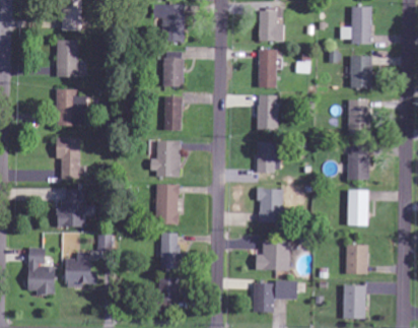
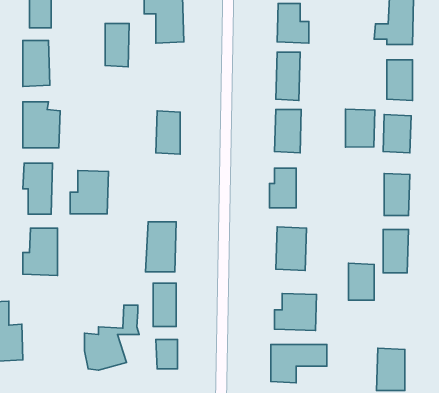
building: [166,53,186,87] -> [105,23,129,67]
building: none -> [345,109,375,147]
building: [152,141,183,176] -> [70,170,108,214]
building: [67,236,111,287] -> [84,305,139,370]
building: [344,245,364,274] -> [349,263,374,300]

